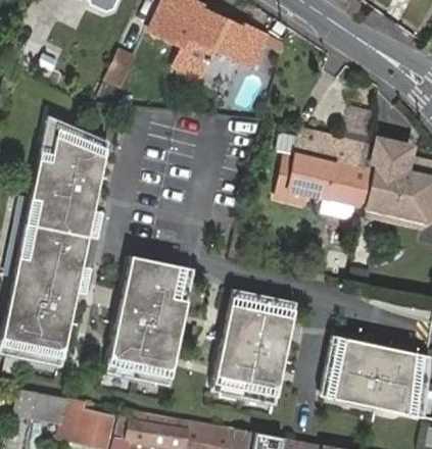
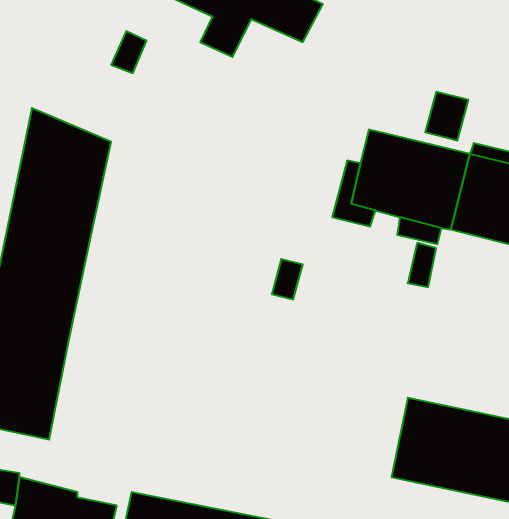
building: [106,257,194,386] -> none
building: [212,290,295,404] -> none

